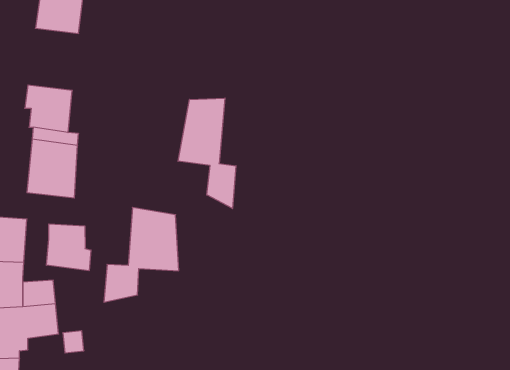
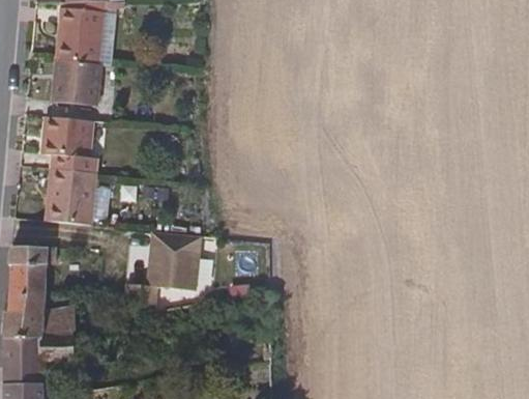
building: none -> [50,57,99,107]
building: [178,98,236,209] -> none
building: [46,224,91,271] -> none

